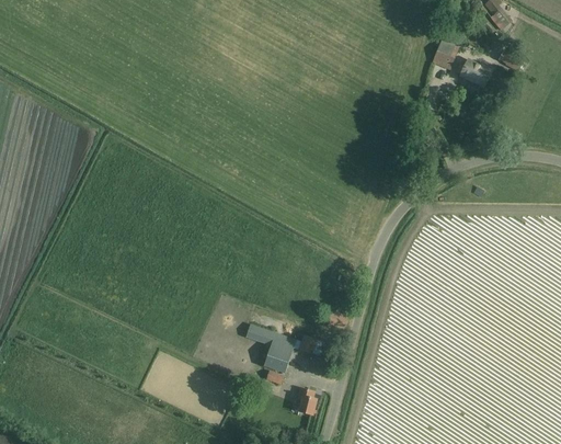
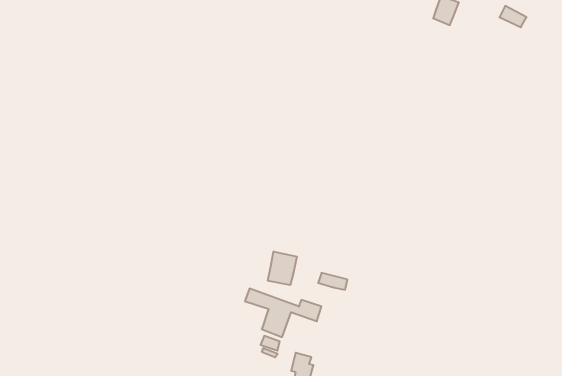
building: [459,60,490,86] -> none
building: none -> [268,251,297,285]

